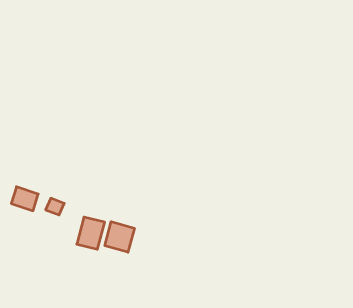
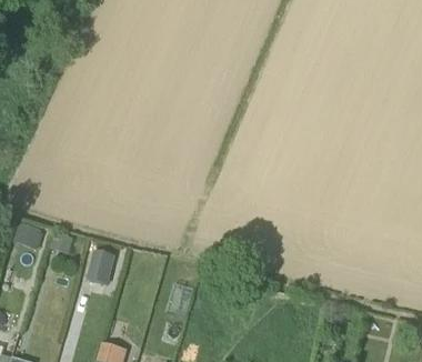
building: [105,222,134,252] -> none

